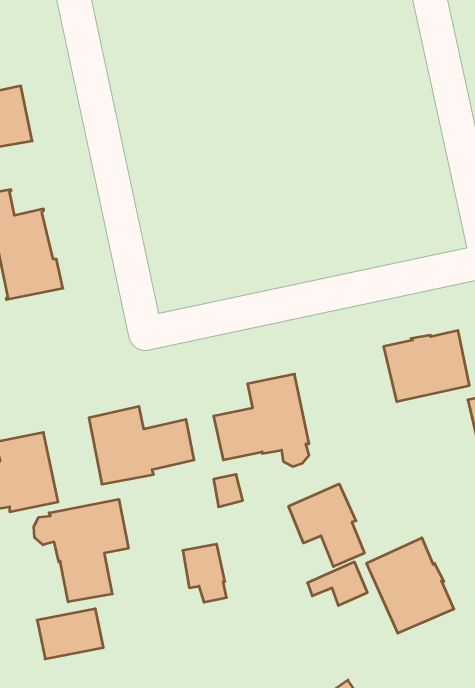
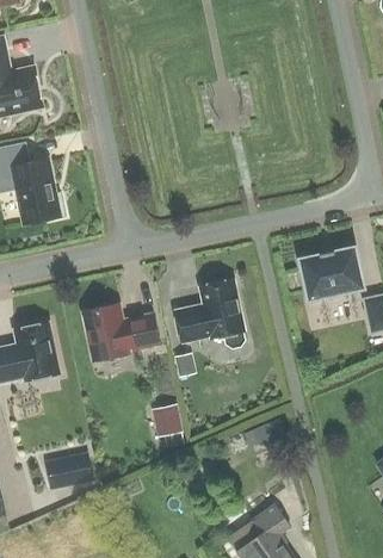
building: [289,484,364,567] -> none
building: [34,499,128,602] -> none
building: [367,538,454,633] -> none

